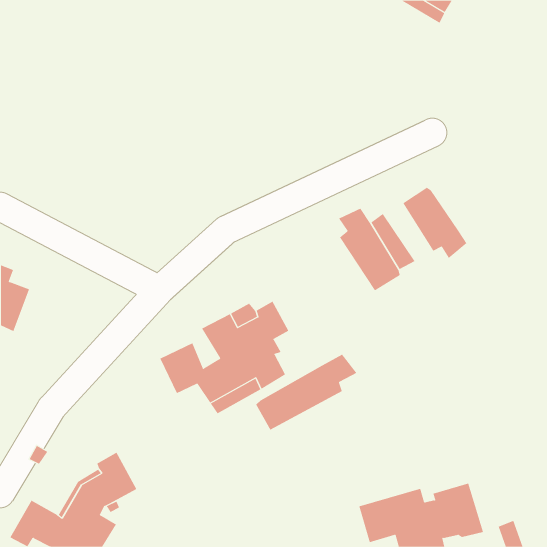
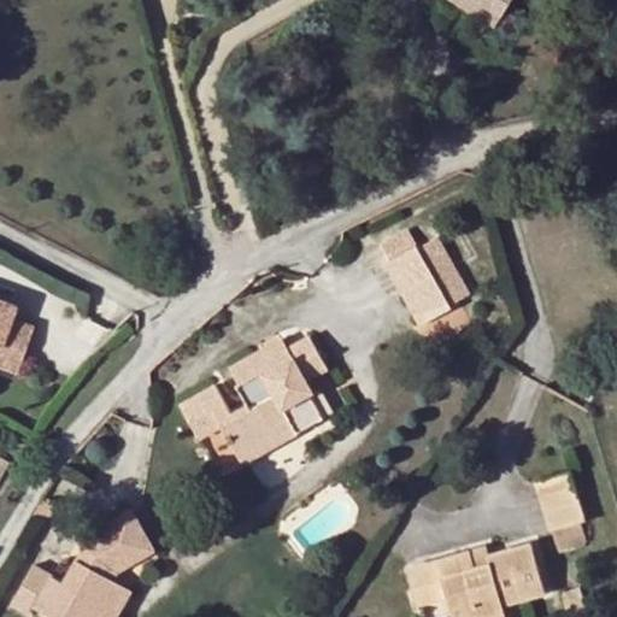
building: [403,187,467,259] -> none
building: [256,354,357,430] -> none
building: none -> [536,475,578,531]

